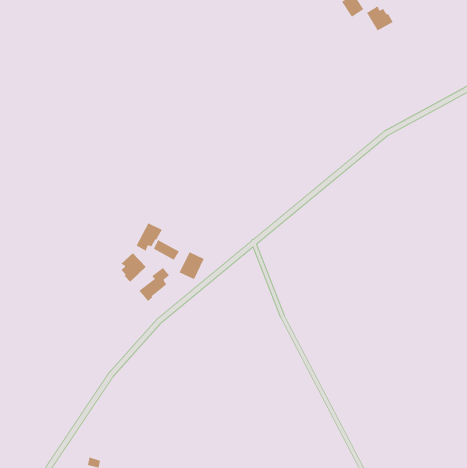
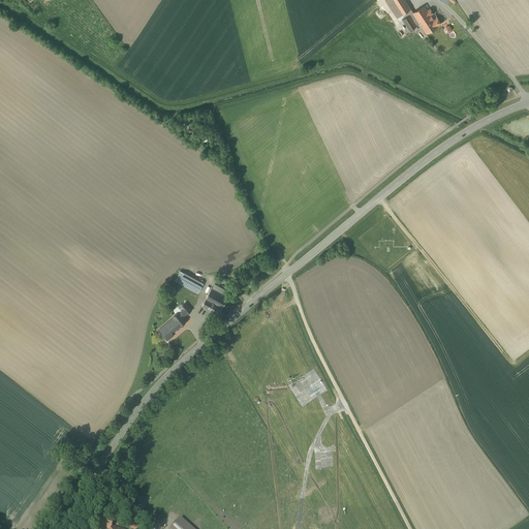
building: [136,223,163,251] -> none
building: [121,252,146,283] -> none

